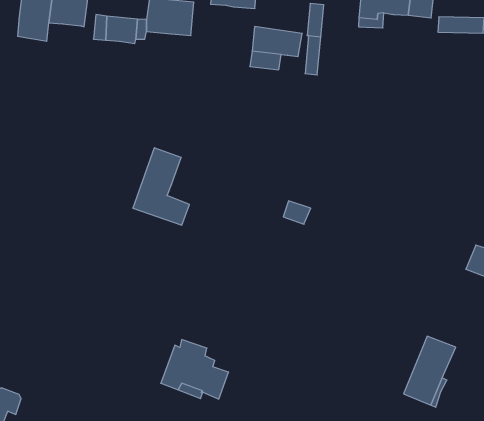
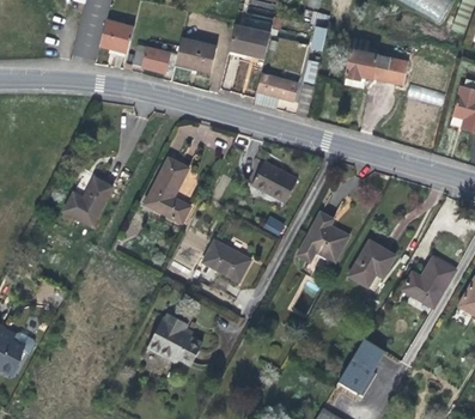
building: none -> [251,160,297,201]
building: none -> [62,176,112,225]
building: none -> [297,212,348,261]
building: none -> [348,239,395,290]
building: none -> [202,239,250,281]

